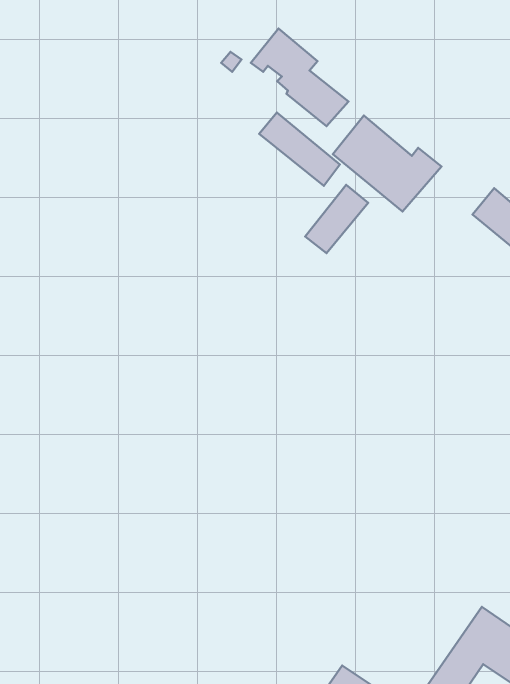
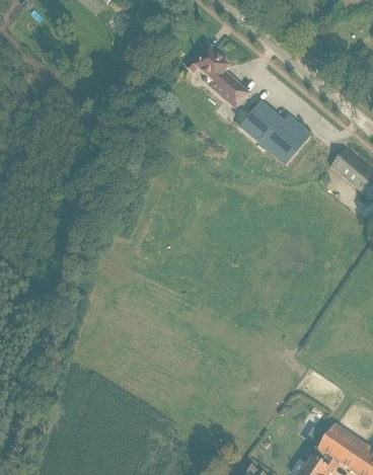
building: [259,113,340,186] -> none
building: [305,185,368,253] -> none

